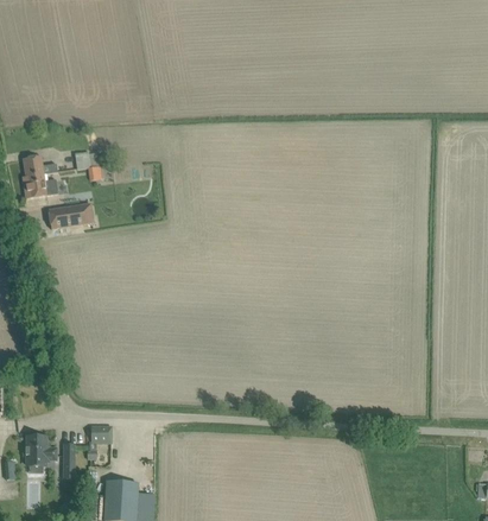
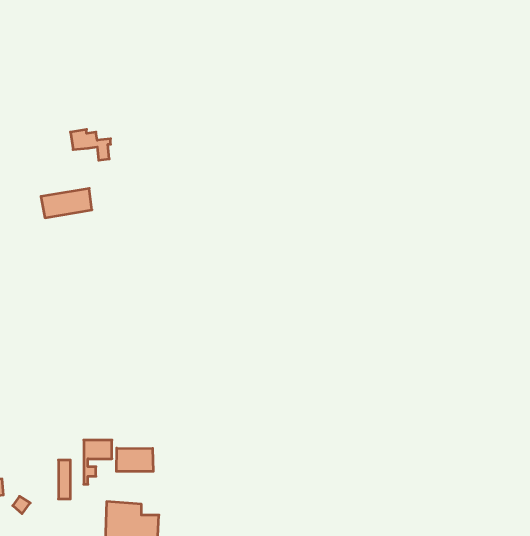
building: [21,155,57,198] -> none
building: none -> [116,448,153,471]
building: [24,437,55,465] -> none

